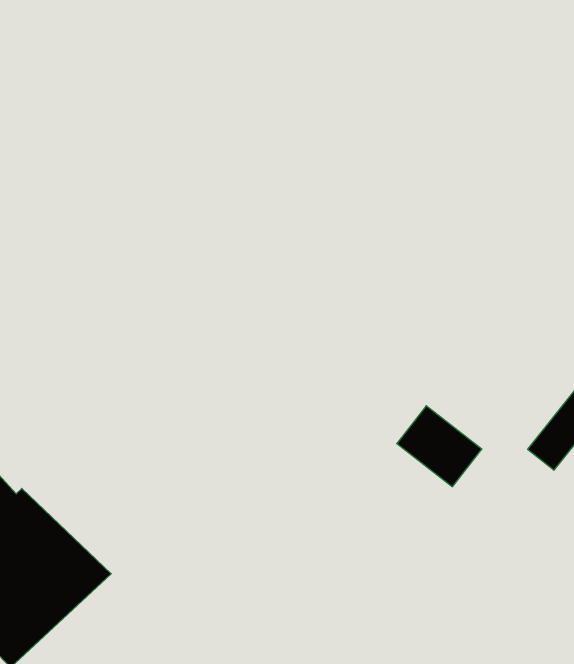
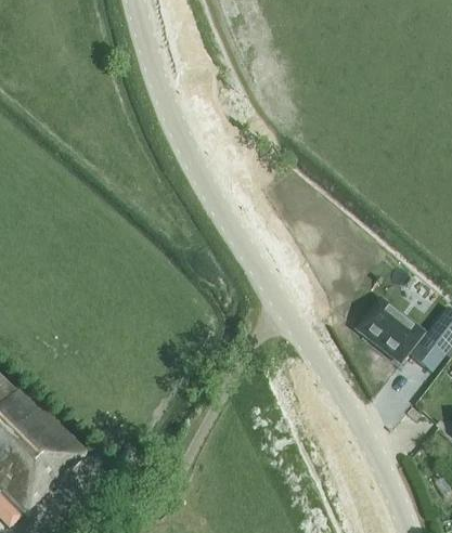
building: [397,406,482,487] -> [357,299,423,362]

